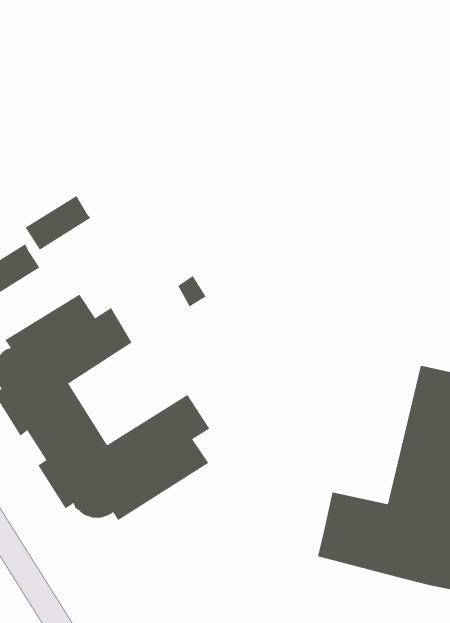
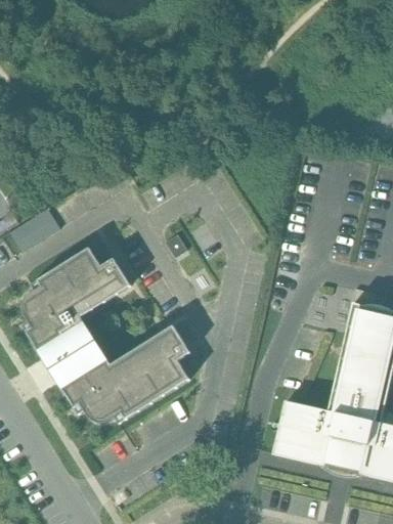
building: [25,195,91,250] -> none

